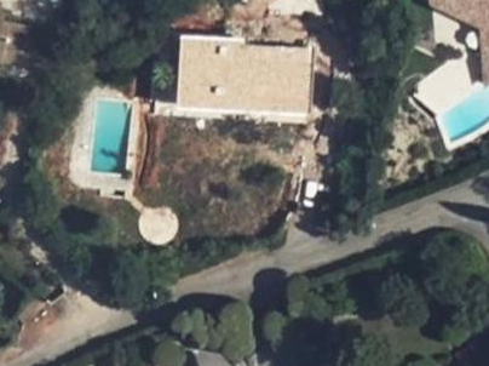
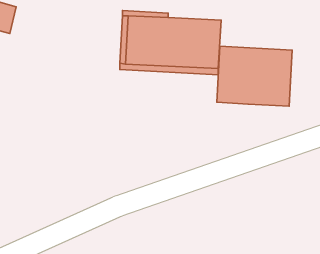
building: none -> [217,46,292,106]

